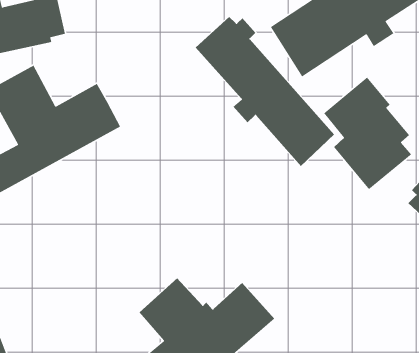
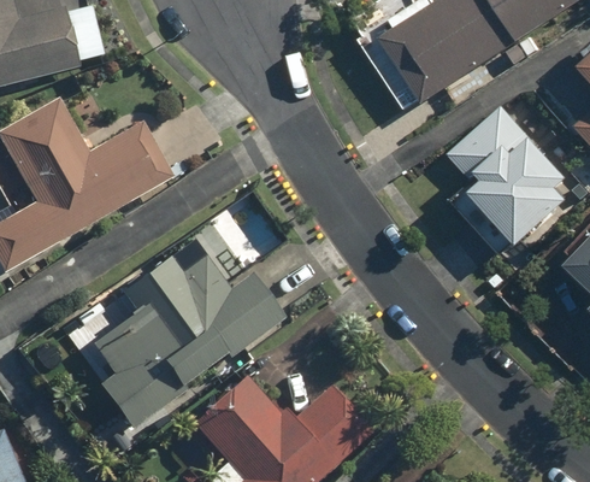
building: [195,16,335,167] -> none
building: none -> [95,254,293,425]

